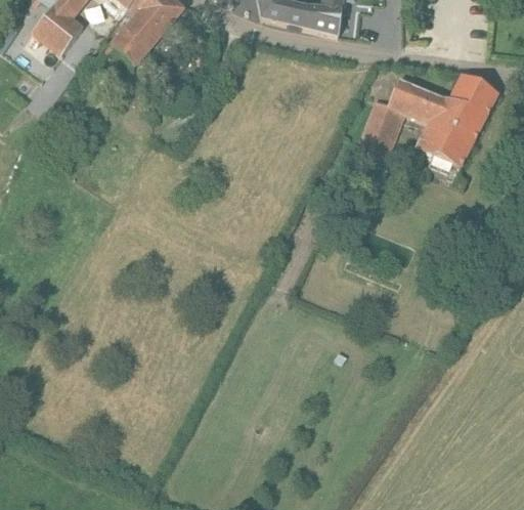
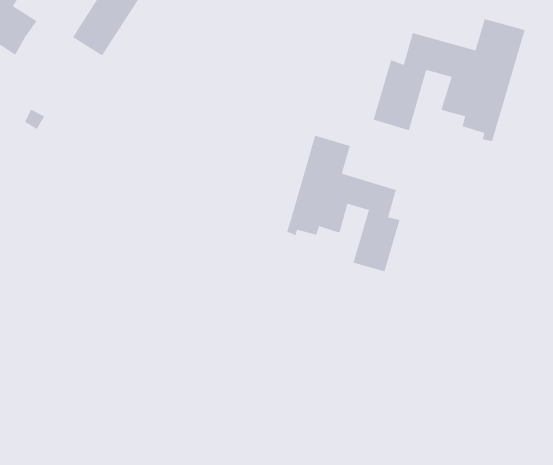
building: none -> [287,135,400,272]

